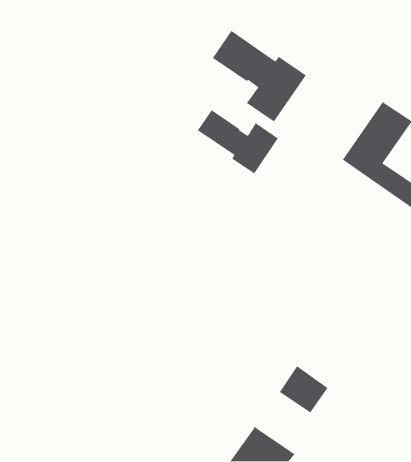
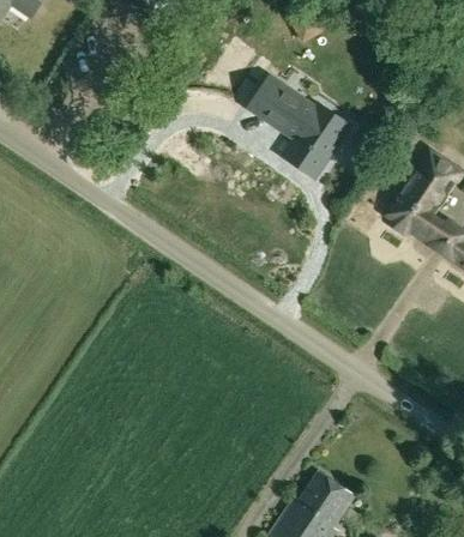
building: [197,109,279,174] -> none
building: [279,365,329,414] -> [300,472,352,524]

